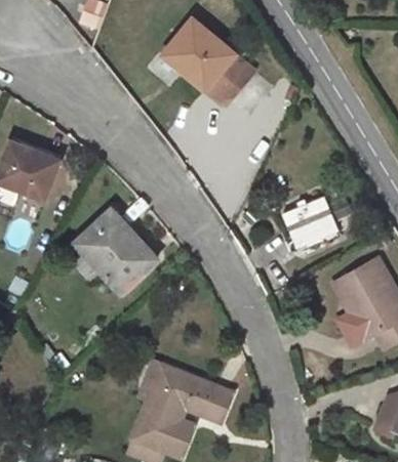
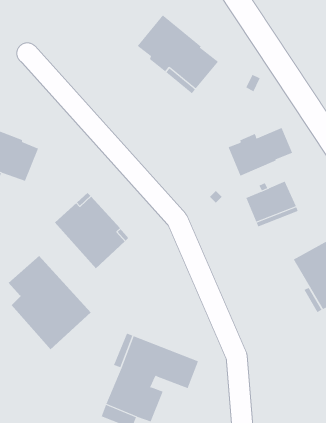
building: none -> [228,127,293,176]
building: none -> [8,255,91,350]

